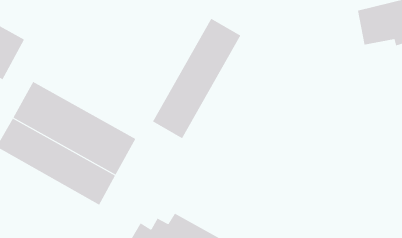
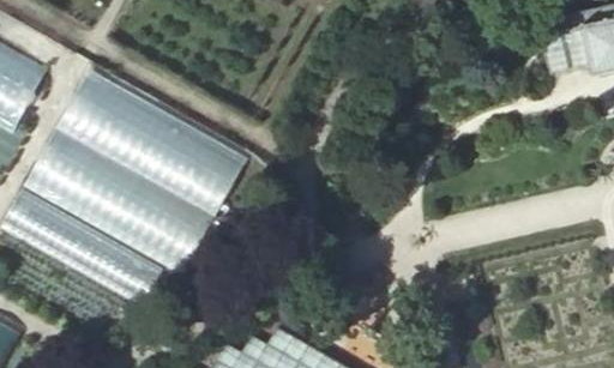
building: [152,18,241,139] -> none
building: none -> [61,82,241,216]

